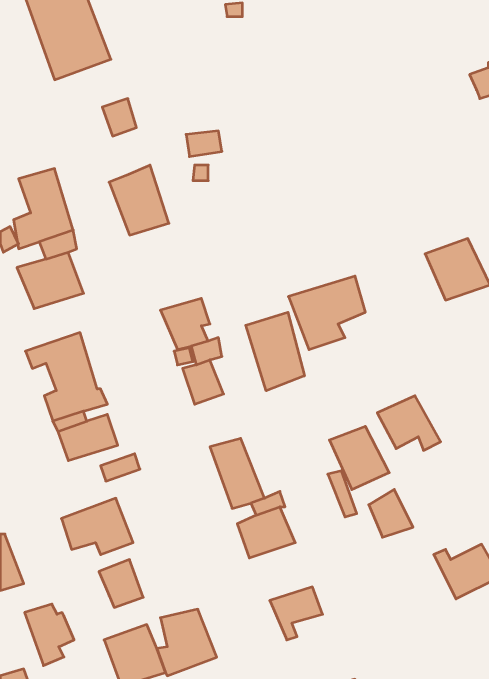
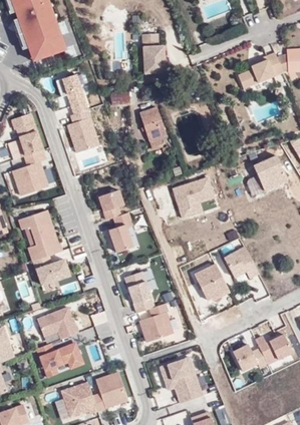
building: none -> [143,34,167,72]
building: none -> [238,51,282,87]
building: none -> [66,88,88,116]
building: none -> [140,107,166,147]
building: [246,312,304,391] -> none
building: [369,489,413,537] -> [232,342,258,370]
building: [25,604,74,666] -> [35,342,64,378]
building: none -> [172,373,203,402]

